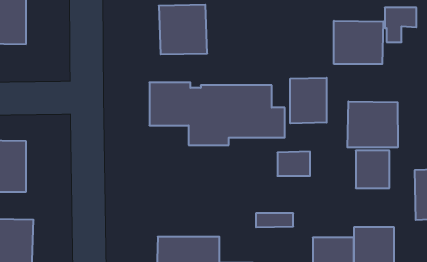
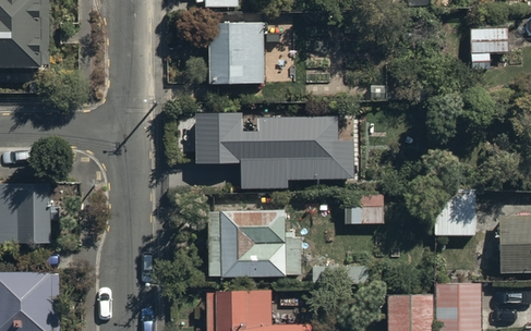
building: [334,21,383,64] -> none
building: [290,78,327,123] -> none
building: [347,101,398,147] -> none
building: none -> [207,209,301,274]

